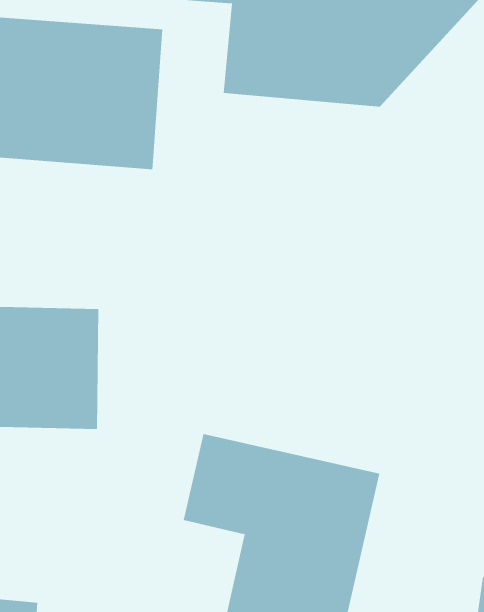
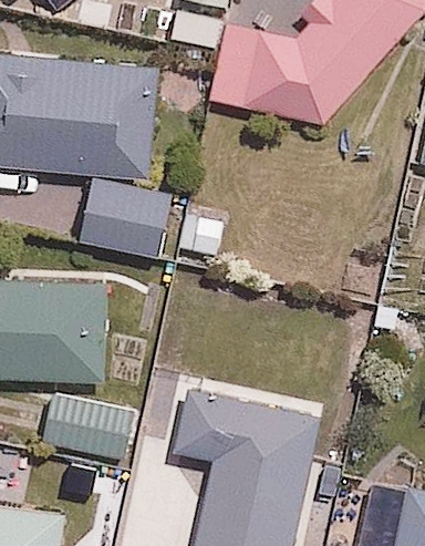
building: none -> [76,179,172,255]
building: none -> [41,393,129,460]

